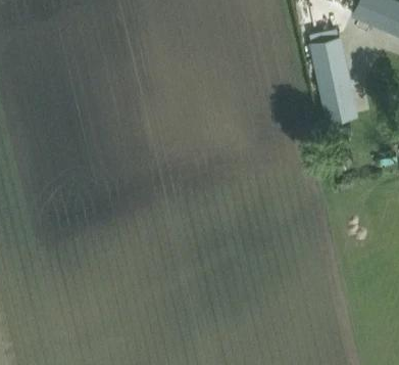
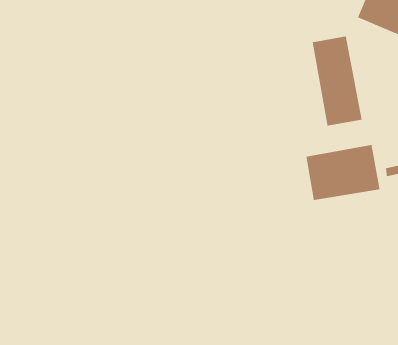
building: none -> [306,144,380,201]

